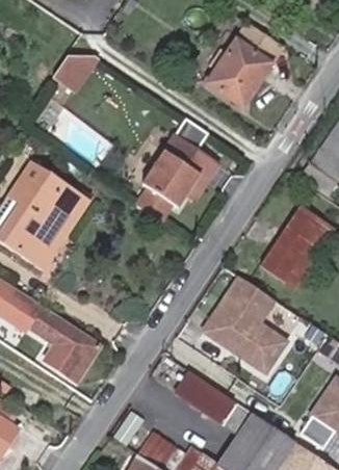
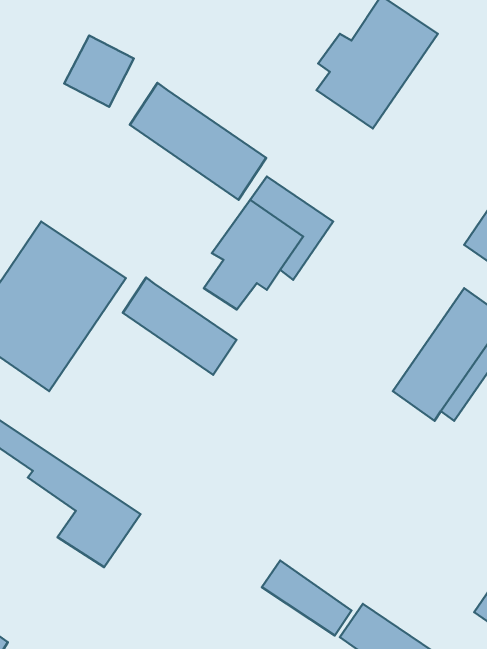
building: none -> [130,83,266,200]
building: none -> [123,278,236,375]
building: [205,275,286,368] -> none

